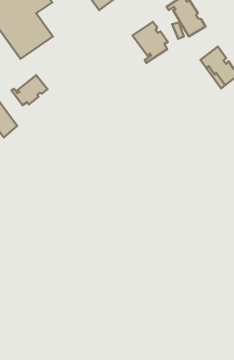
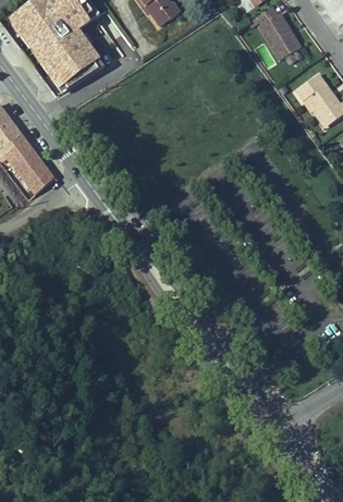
building: [132,22,168,63] -> none
building: [11,75,47,105] -> none

